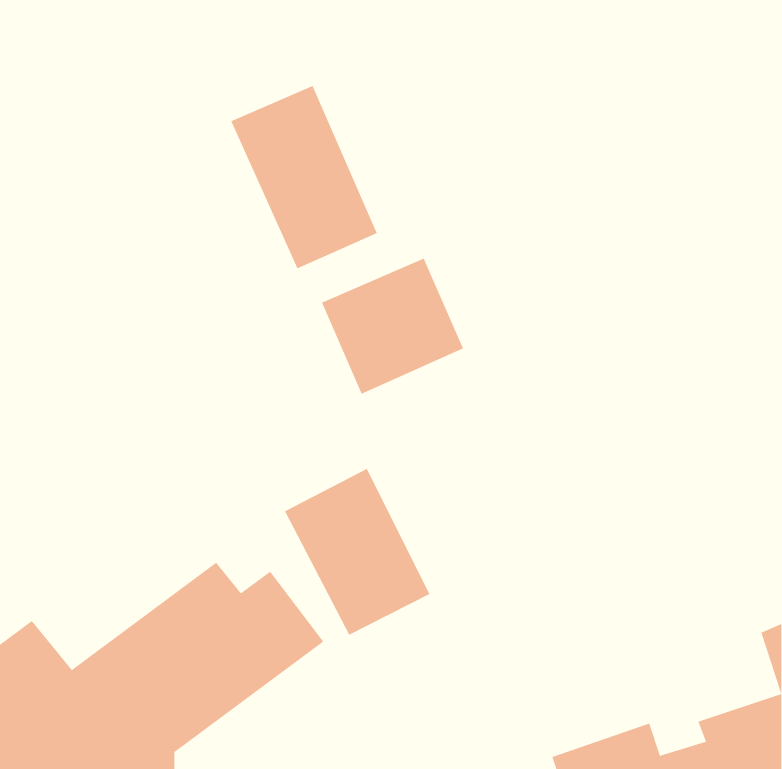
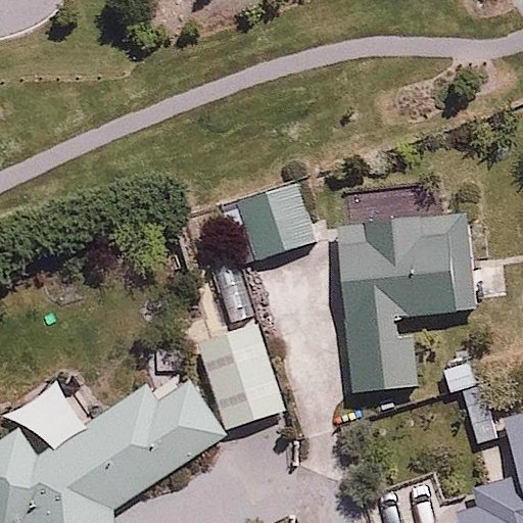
building: [231,85,377,269] -> none
building: none -> [337,201,478,398]

